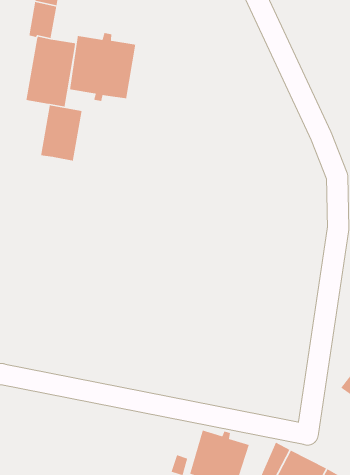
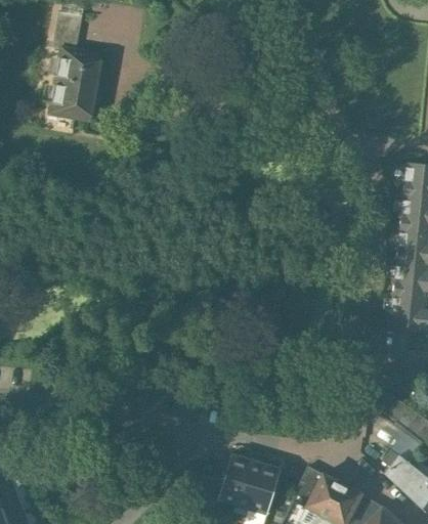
building: [69,32,136,102] -> none
building: [40,105,83,161] -> none

